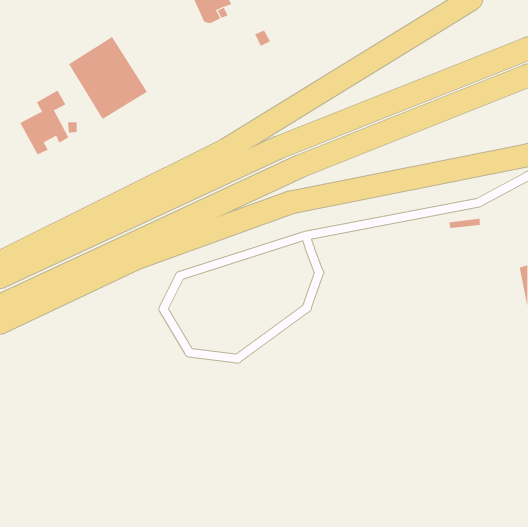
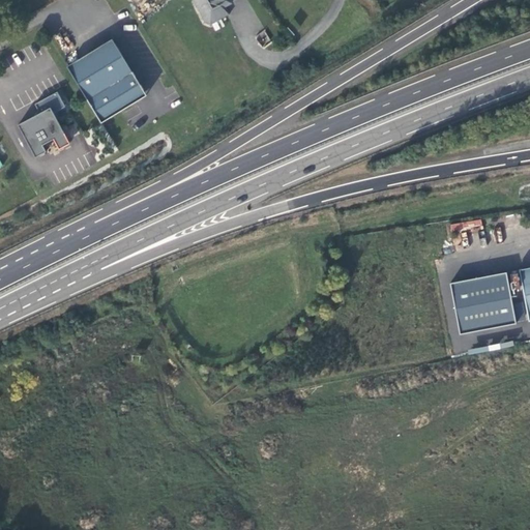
building: none -> [450,272,516,332]

